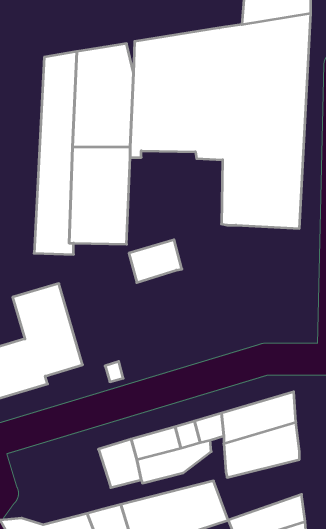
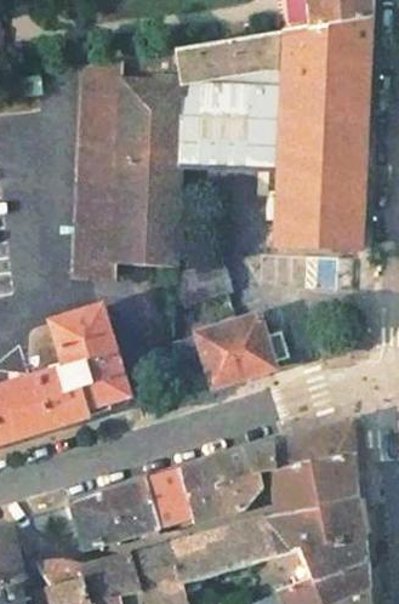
building: none -> [172,312,289,395]
building: none -> [73,485,159,548]
building: none -> [268,496,363,562]

